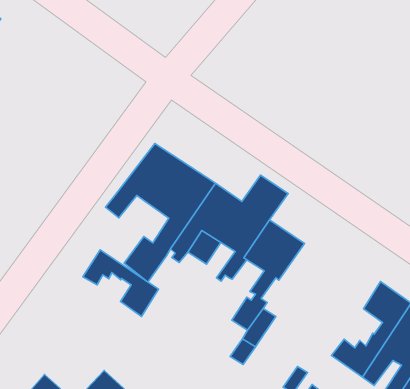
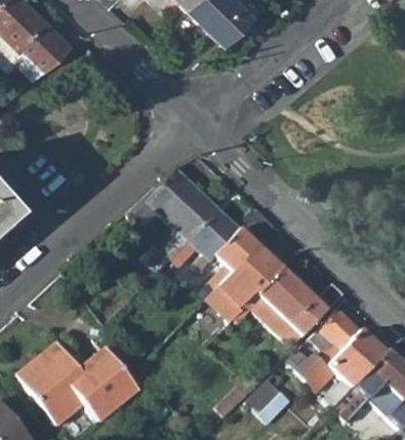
building: none -> [242,270,347,348]
building: [83,250,159,316] -> none

